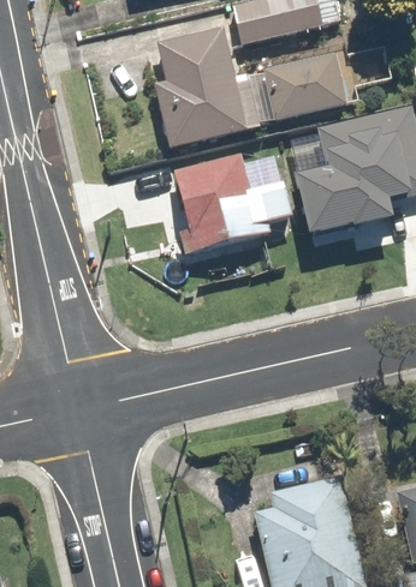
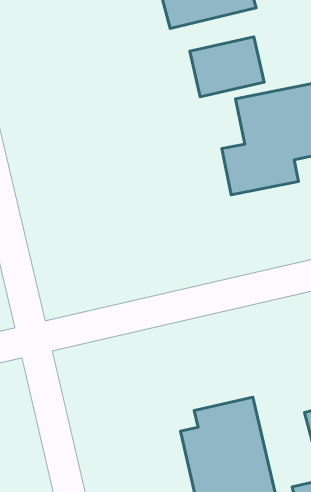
building: [154,26,258,148] -> none
building: [176,156,293,256] -> none

